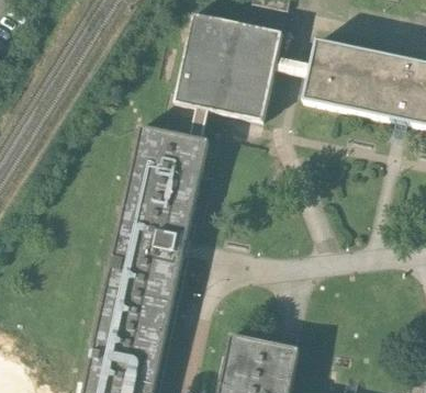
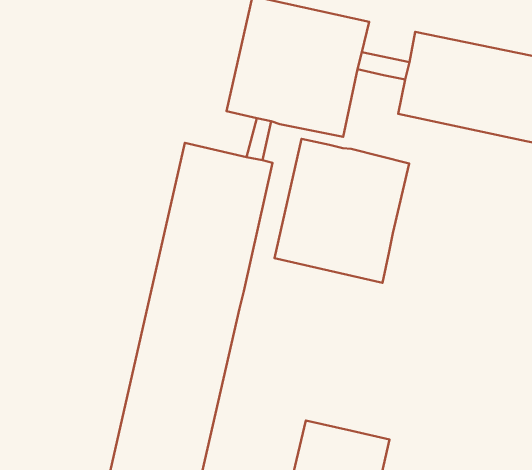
building: none -> [274,139,409,283]

